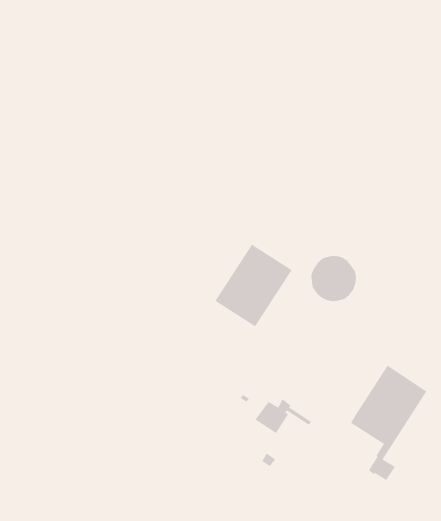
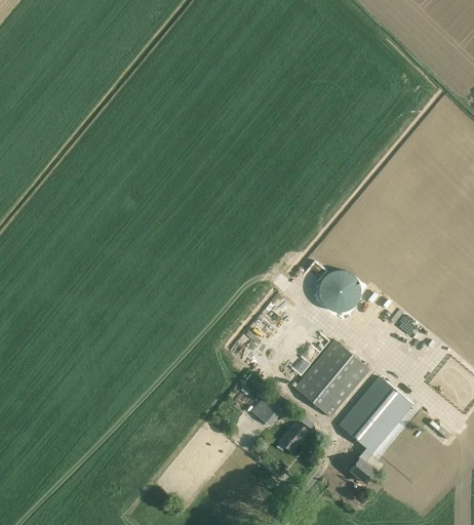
building: [214,244,293,327] -> [294,339,369,416]
building: none -> [279,421,309,452]

